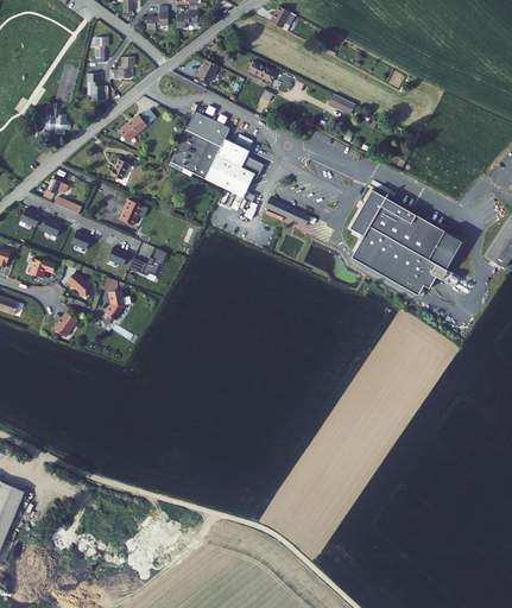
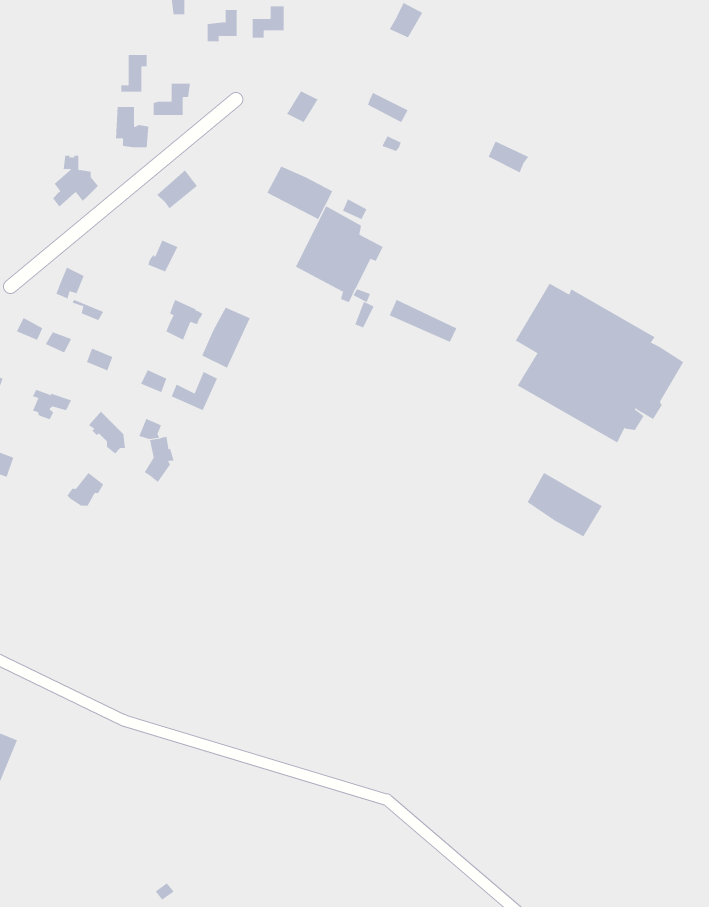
building: [170,129,221,178] -> none
building: none -> [201,307,250,368]
building: none -> [527,472,602,537]

